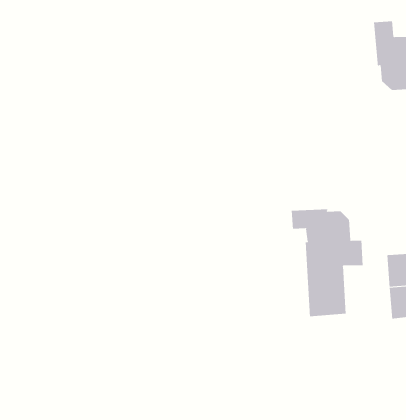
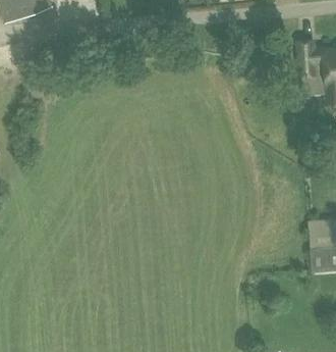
building: [291,208,363,317] -> none

